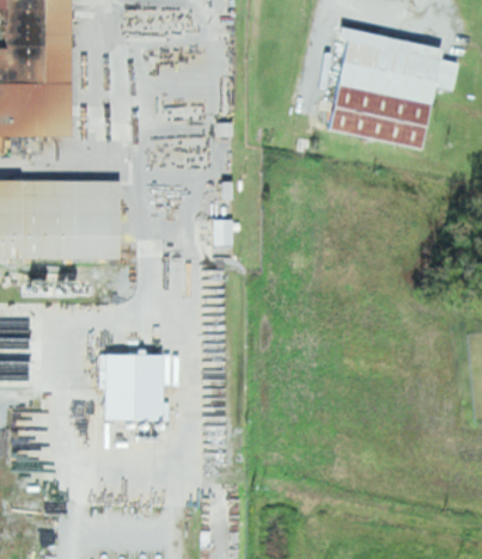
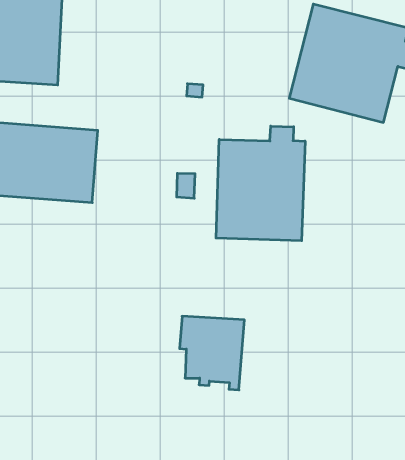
building: none -> [216,126,305,241]
building: [98,354,165,429] -> [180,316,244,390]

